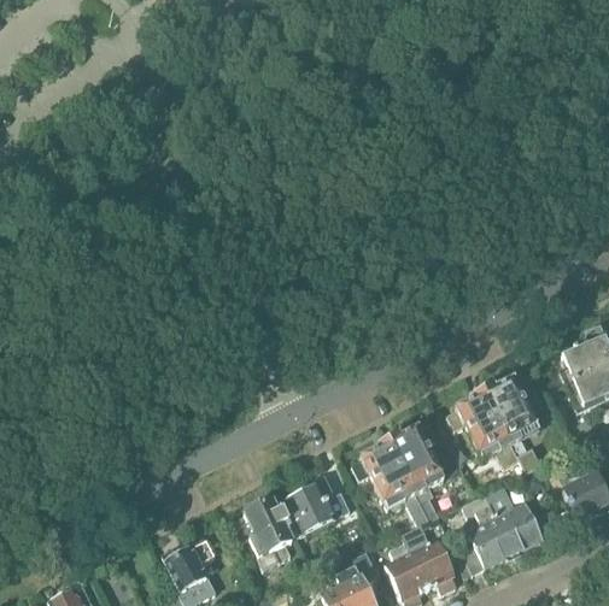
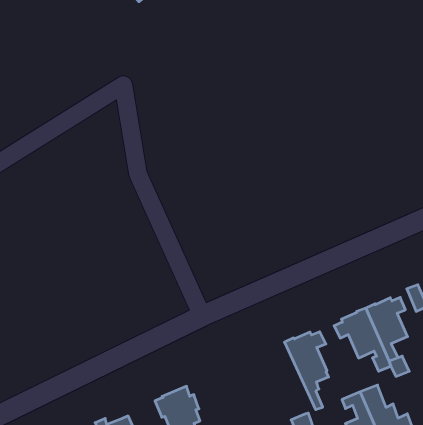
building: [353,440,432,525] -> none
building: [286,475,351,535] -> none

